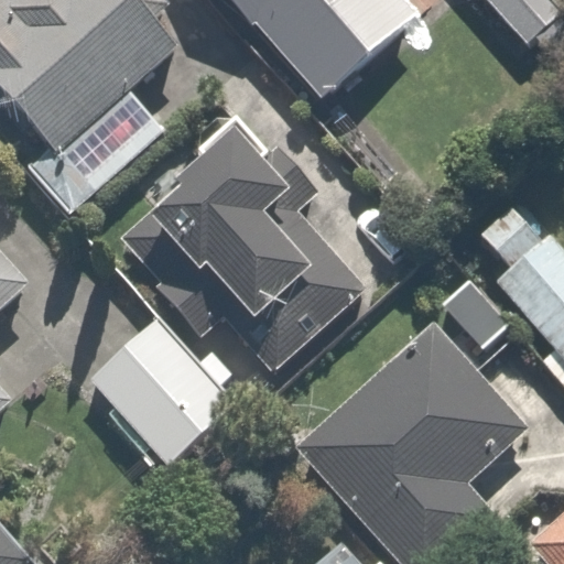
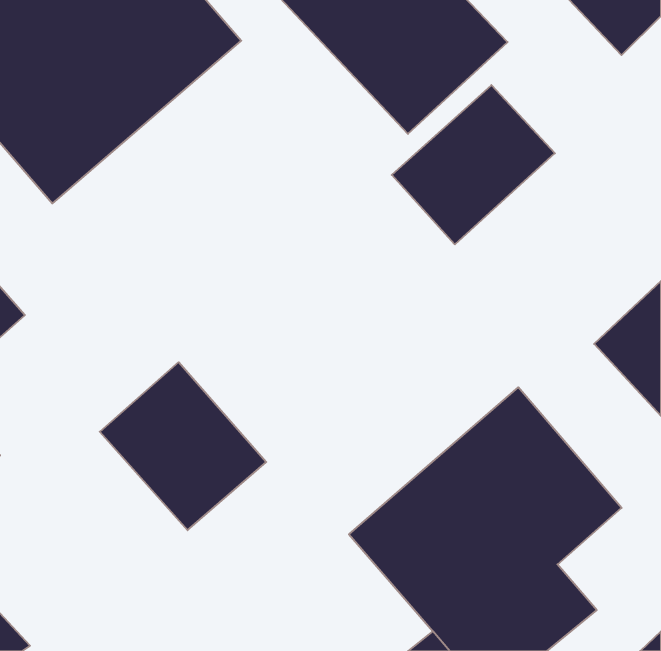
building: none -> [392,85,555,244]
building: [170,165,365,364] -> none

